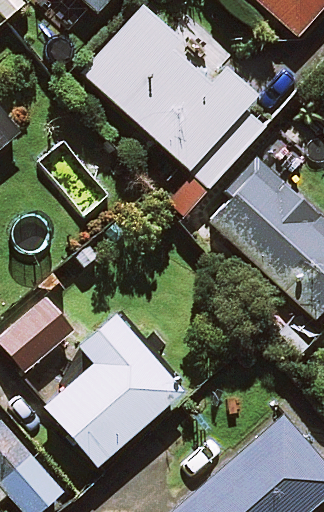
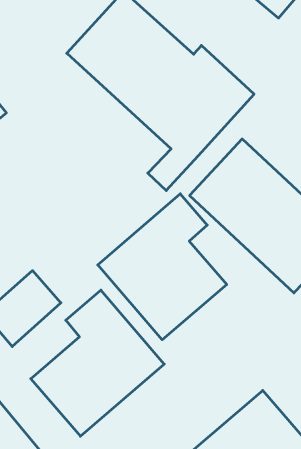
building: none -> [98,194,227,340]

